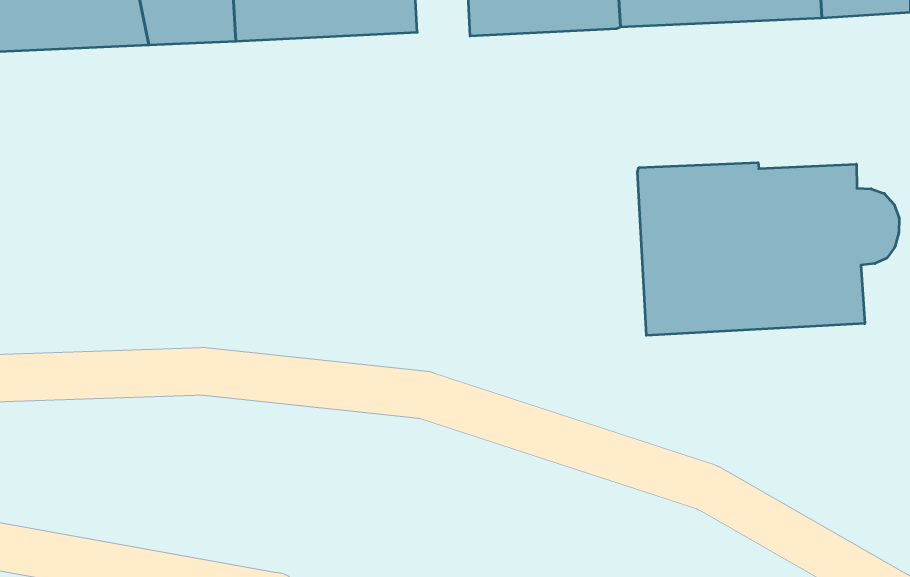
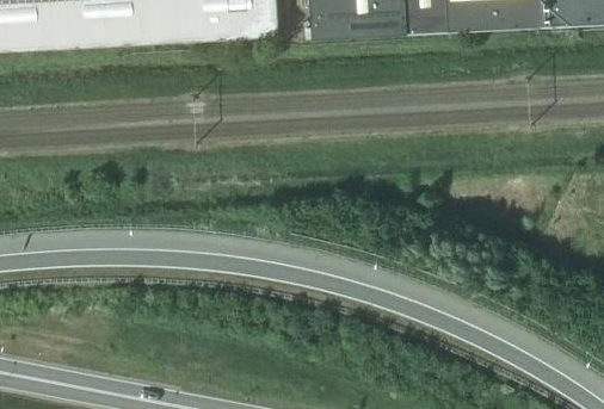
building: [638,163,899,335] -> none

